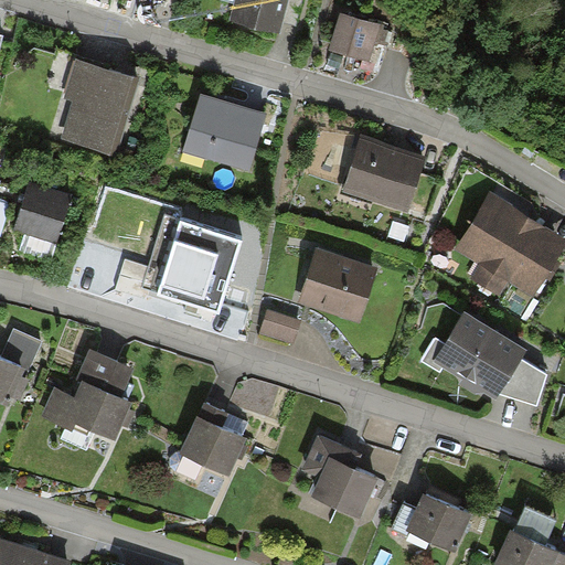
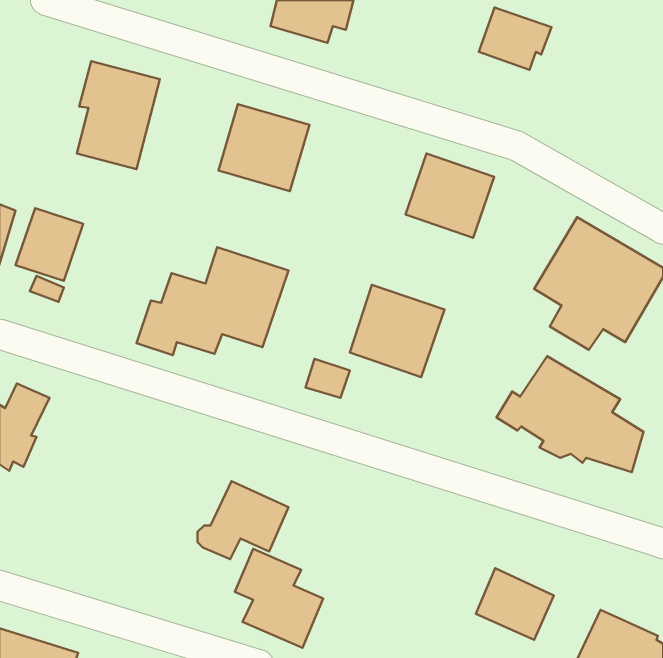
building: [328,19,390,72] -> [479,8,552,70]
building: [41,351,134,437] -> none
building: [301,434,376,518] -> [235,549,323,648]

